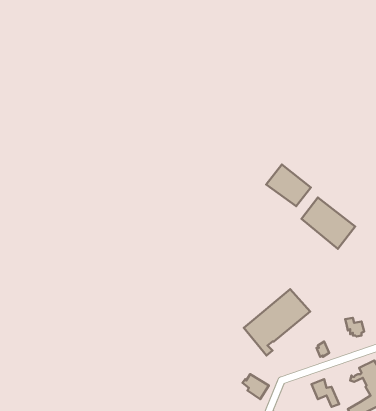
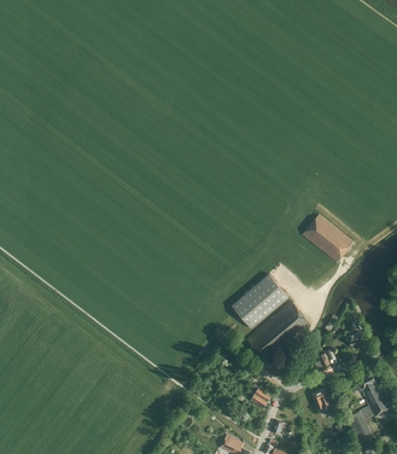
building: [266,164,311,206] -> none
building: none -> [233,274,288,328]

